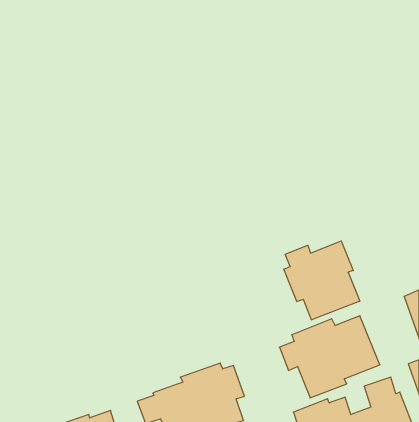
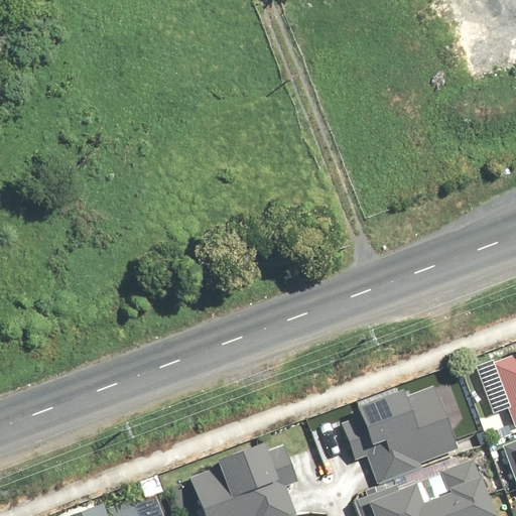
building: [284,241,360,320] -> none

